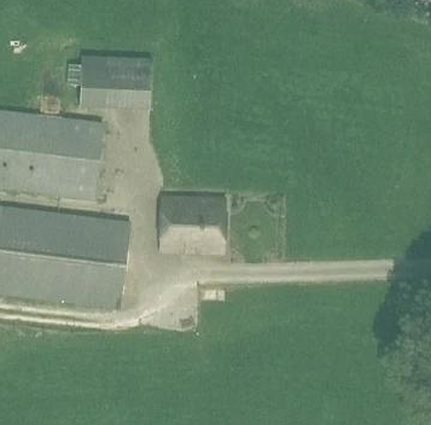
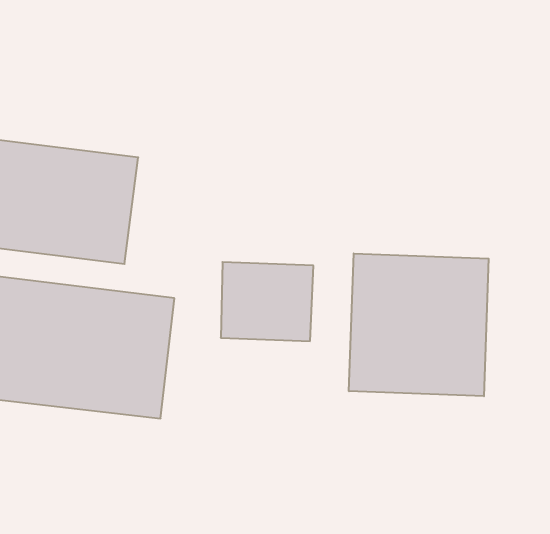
building: [80,54,151,107] -> none
building: none -> [349,253,489,396]

